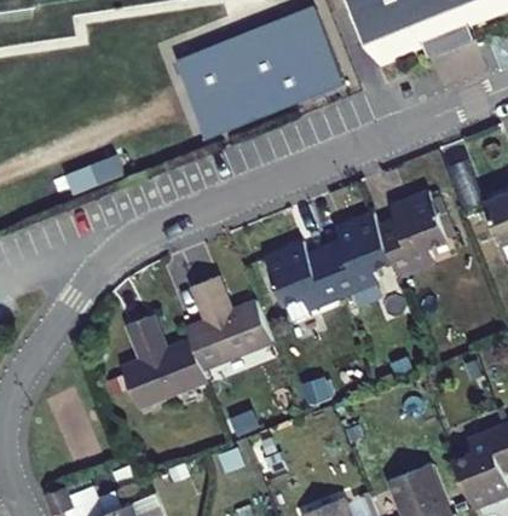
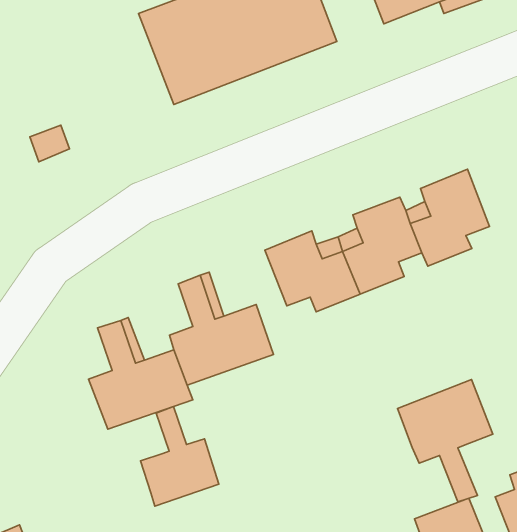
building: none -> [397,379,493,502]
building: none -> [141,407,219,506]

